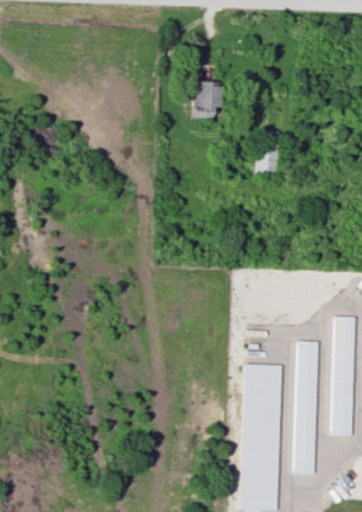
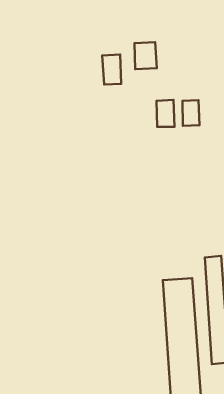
building: none -> [134,42,157,69]
building: none -> [183,100,200,126]

